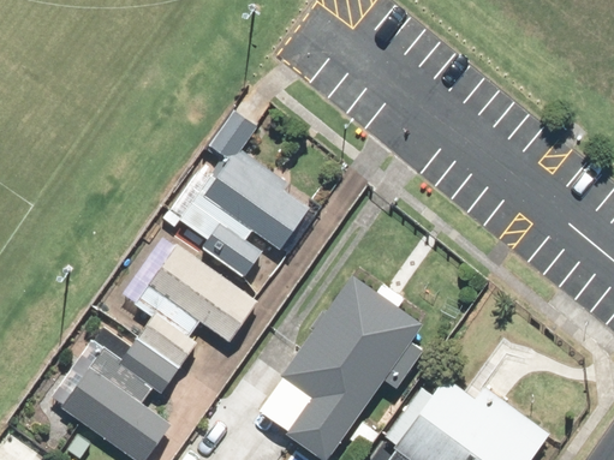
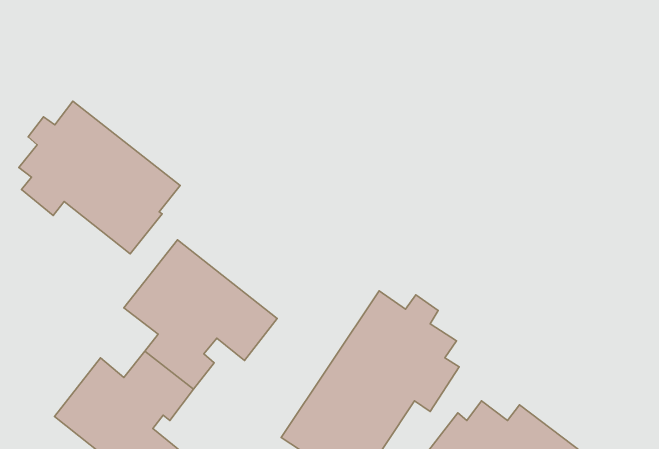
building: none -> [19,101,180,254]
building: [157,147,320,282] -> none

